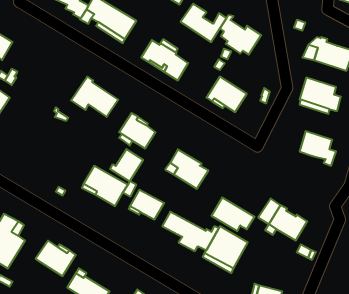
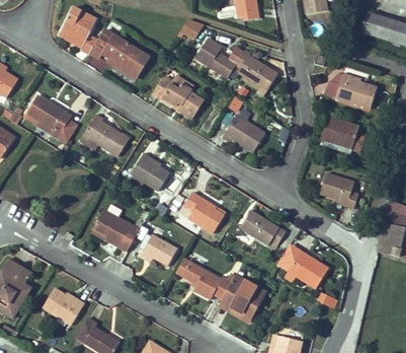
building: none -> [23,94,77,143]
building: [110,149,143,182] -> none
building: [211,198,255,231] -> [240,210,286,245]

